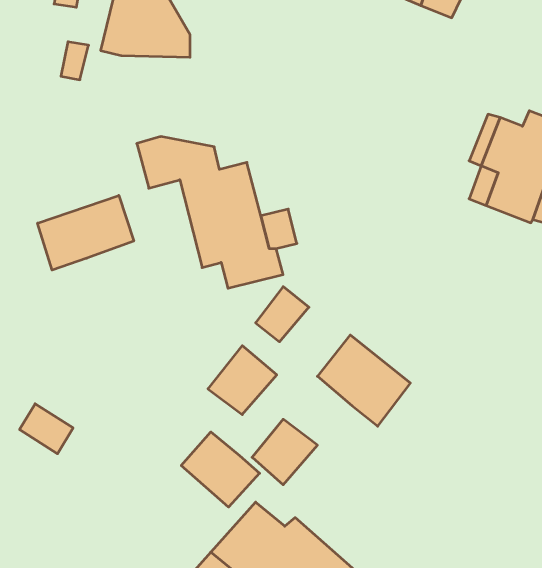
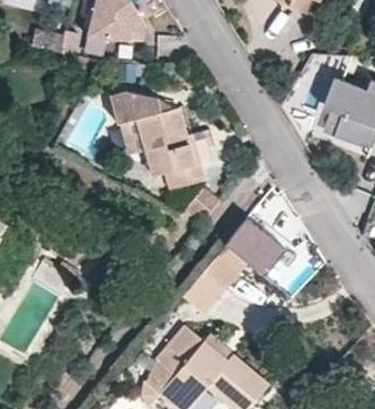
building: [38,195,134,270] -> none
building: [208,346,277,415] -> [204,246,249,290]
building: [181,432,260,507] -> none

